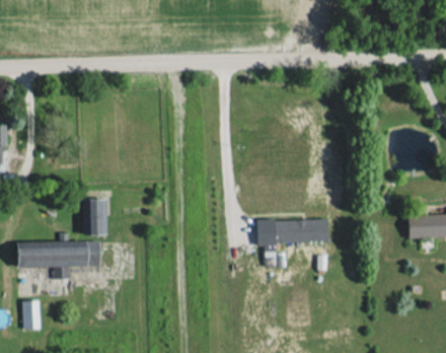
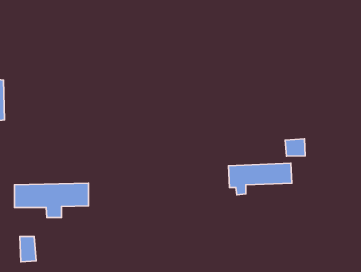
building: none -> [285,139,305,156]
building: [83,199,107,234] -> none

